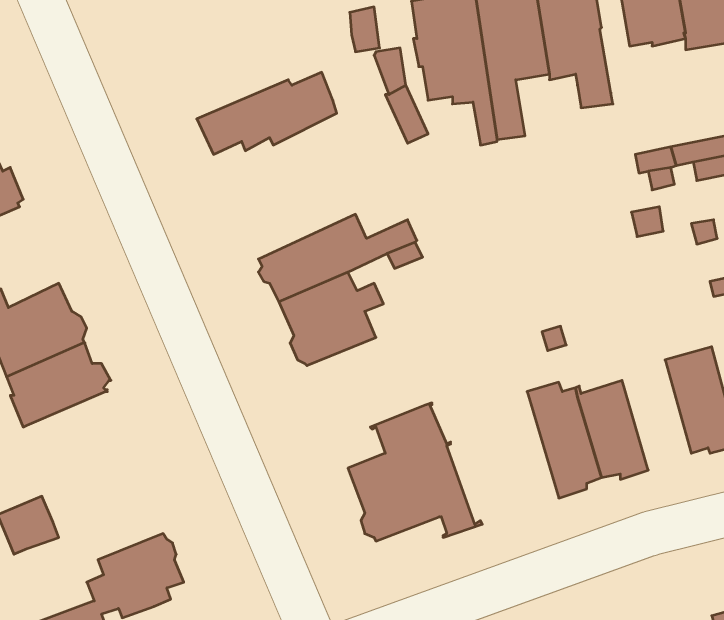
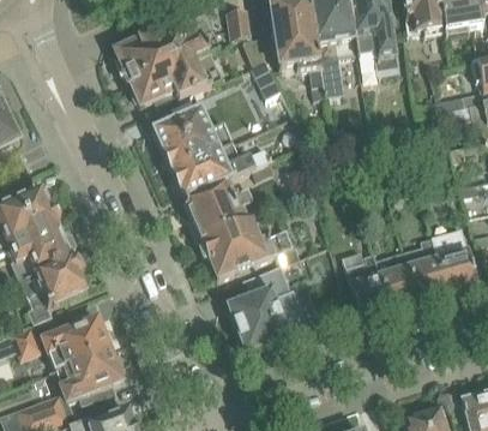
building: none -> [116,10,221,79]
building: none -> [151,104,233,169]
building: none -> [199,217,293,277]
building: none -> [404,234,448,305]
building: none -> [22,255,86,321]
building: none -> [44,312,110,367]

